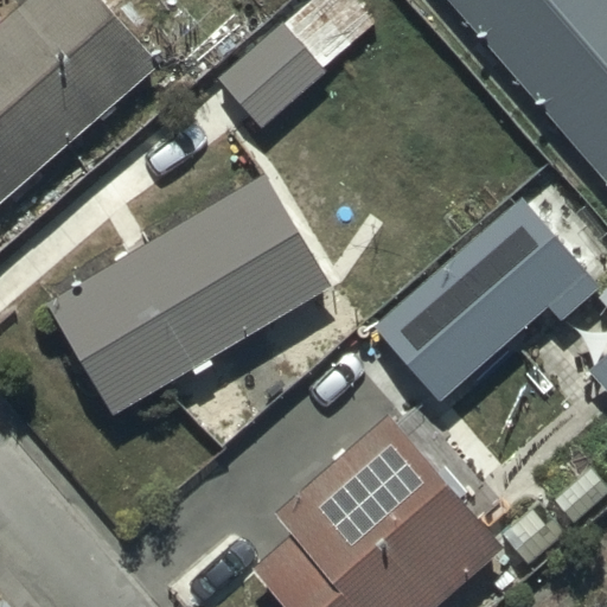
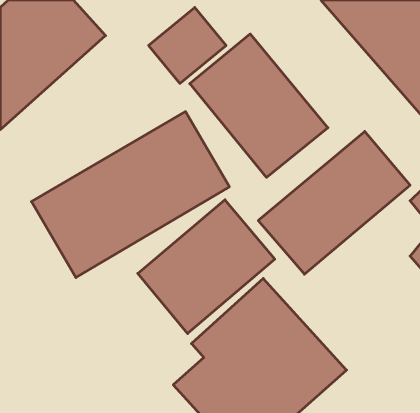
building: none -> [190,34,328,177]
building: none -> [138,200,275,334]

